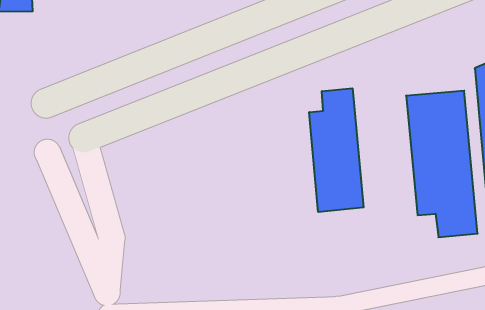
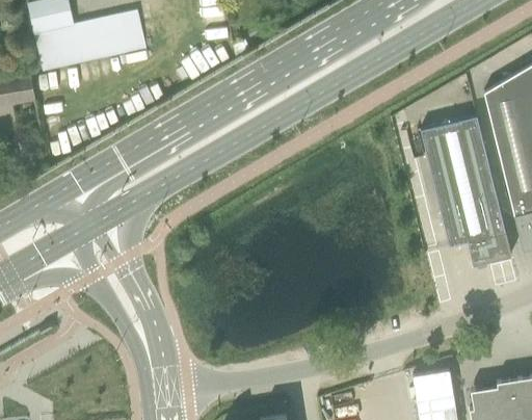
building: [309,88,364,212] -> none

